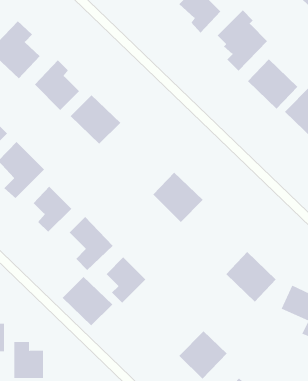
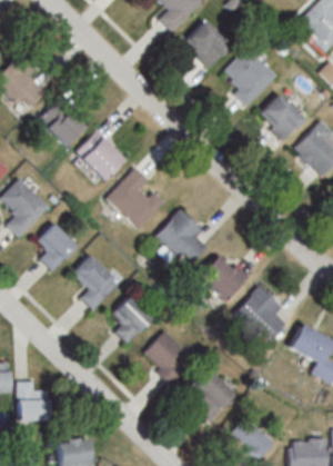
building: none -> [105,167,165,230]
building: none -> [198,251,250,304]
building: [62,276,113,326] -> [142,330,194,381]

